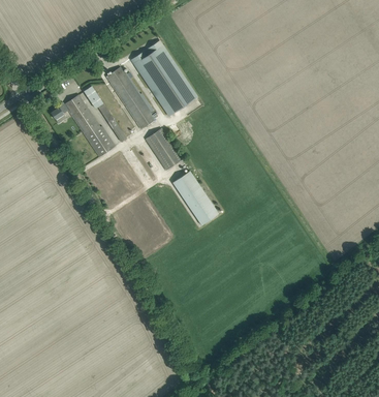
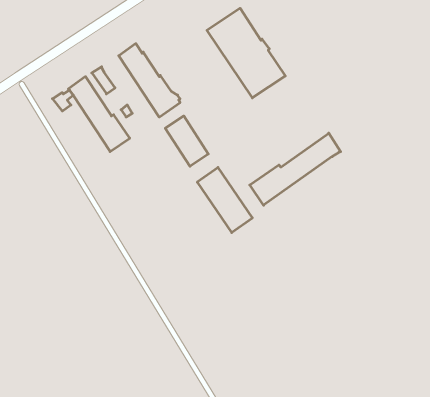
building: [130,40,196,116] -> [207,8,285,98]
building: none -> [250,133,341,205]

